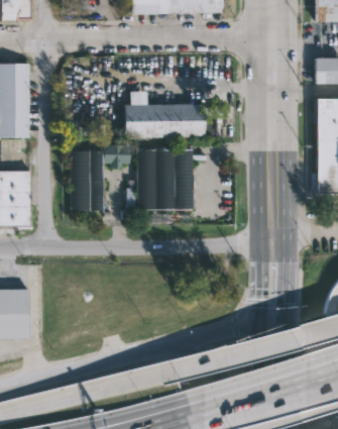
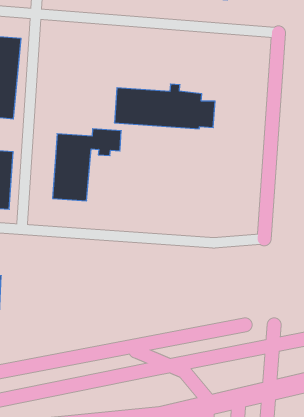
building: [136,146,193,209] -> none

